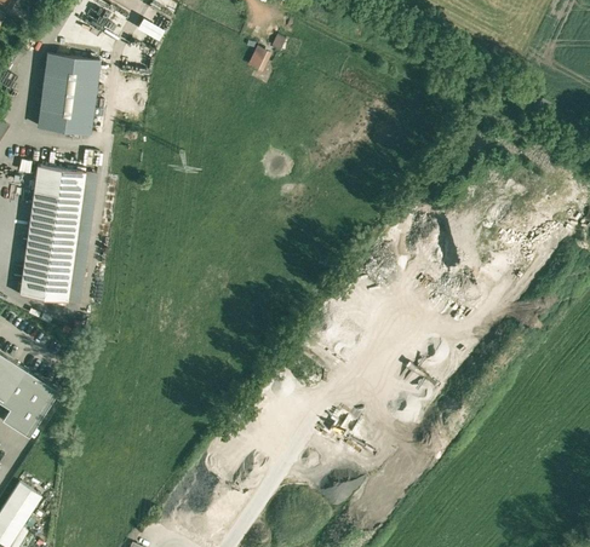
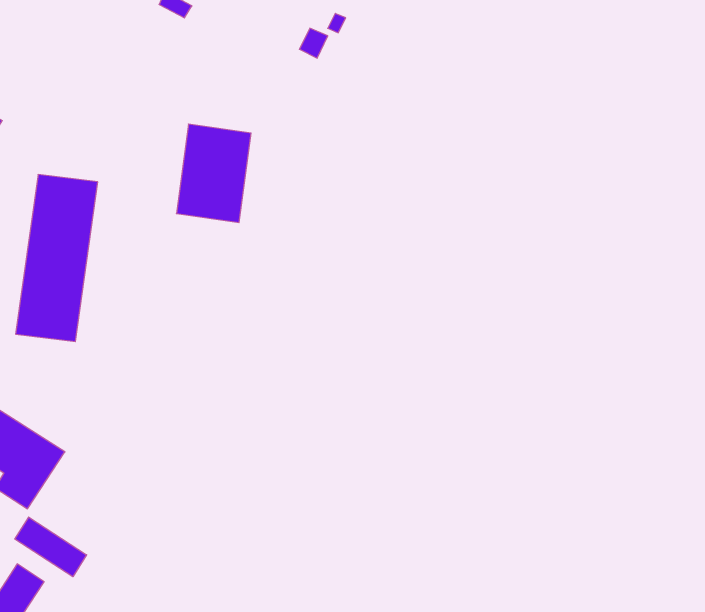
building: [38,53,98,133] -> [176,124,251,223]
building: none -> [15,517,87,577]

